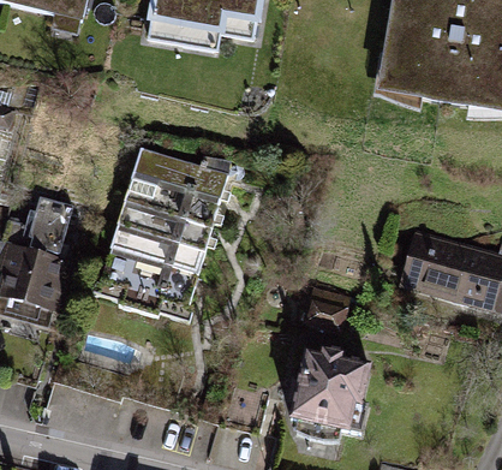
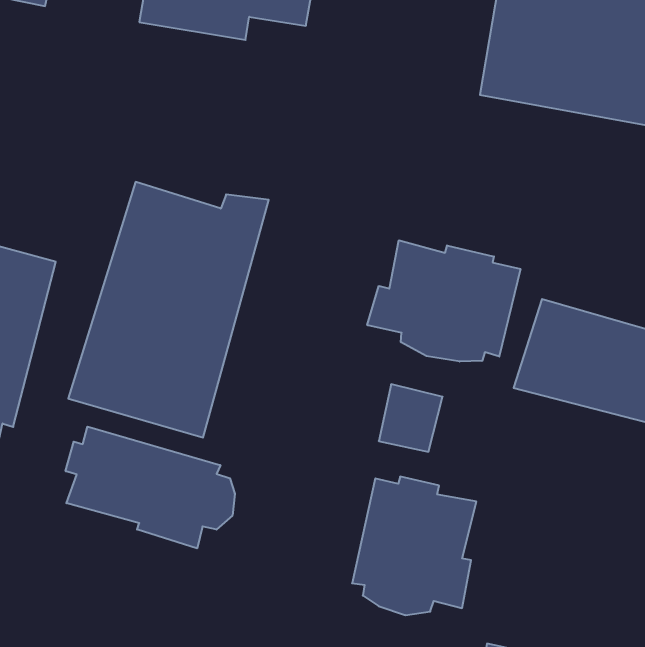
building: none -> [367,240,520,362]
building: none -> [66,427,235,548]

